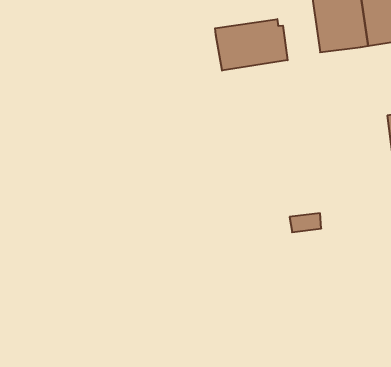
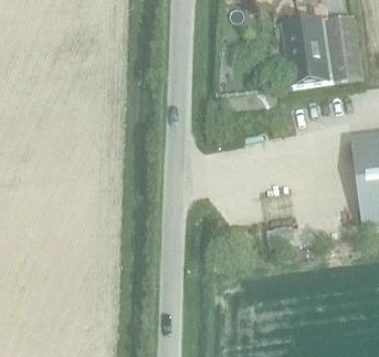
building: [215,19,288,71] -> none

